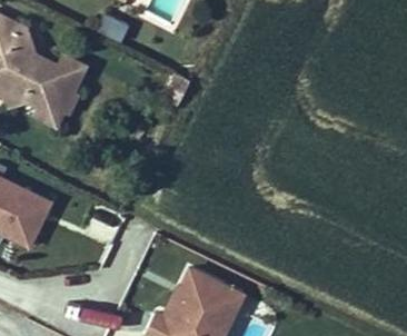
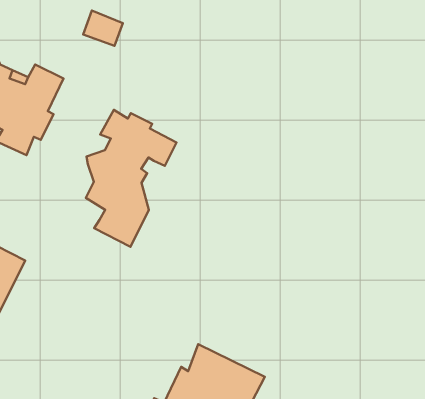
building: none -> [86,110,177,247]

